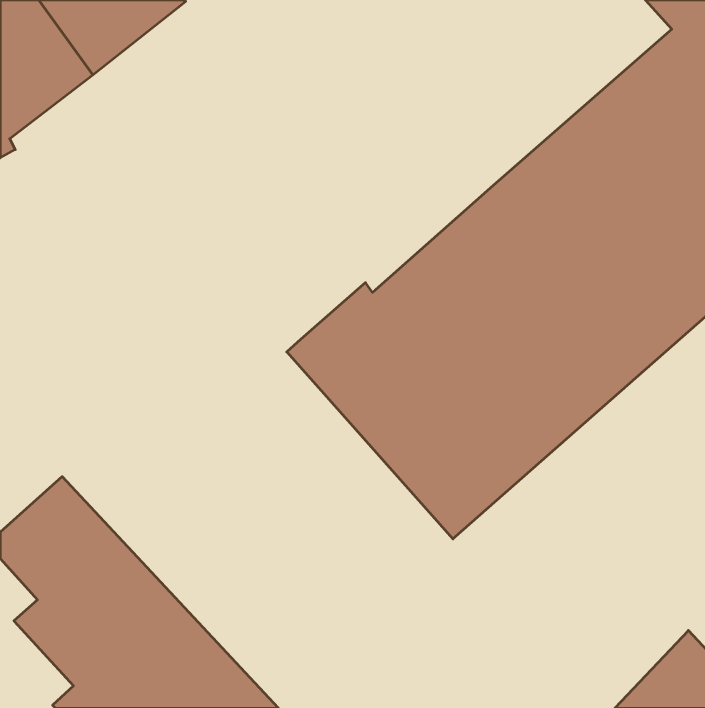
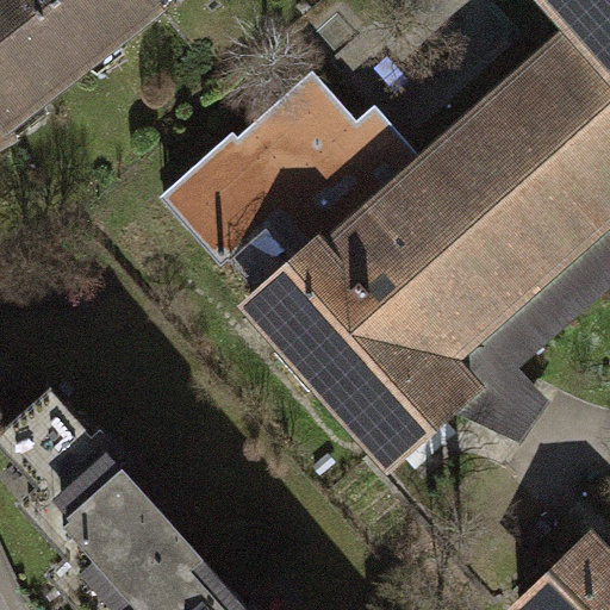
building: none -> [160,73,427,292]

